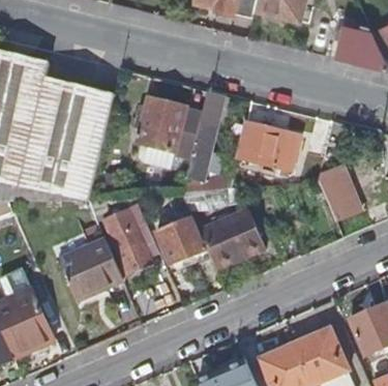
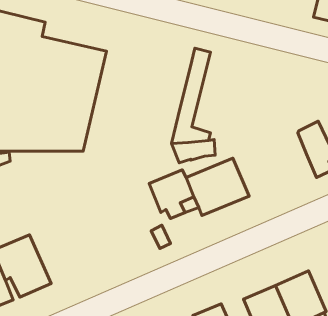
building: [139,96,203,168] -> none
building: [239,121,300,175] -> none
building: [106,205,159,269] -> none
building: [59,245,125,305] -> none

